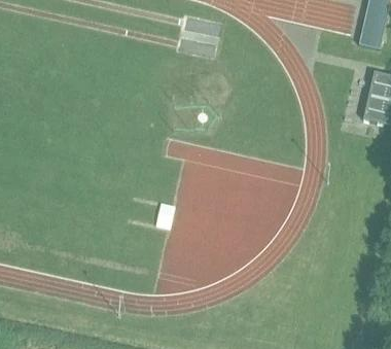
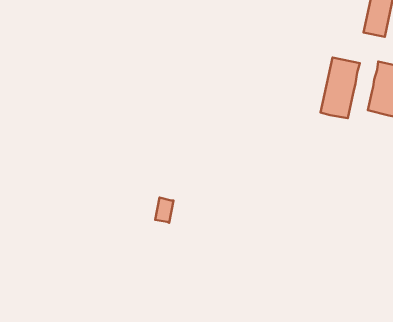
building: none -> [321,58,360,118]

